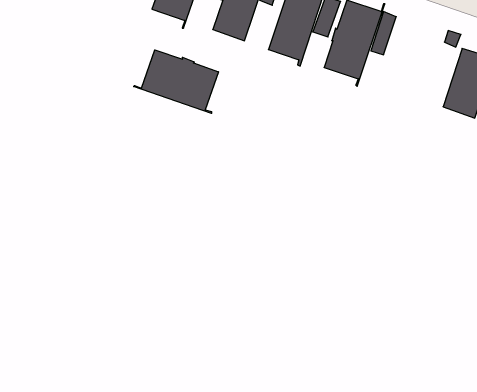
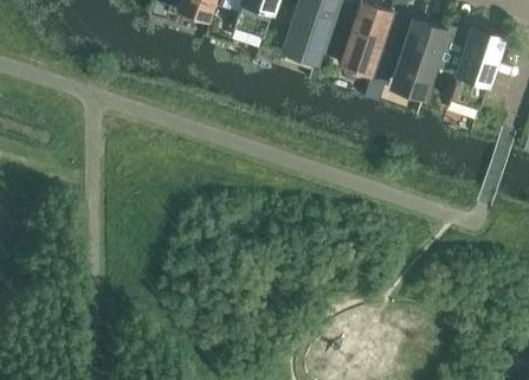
building: none -> [393,19,445,98]
building: [134,50,218,113] -> none

